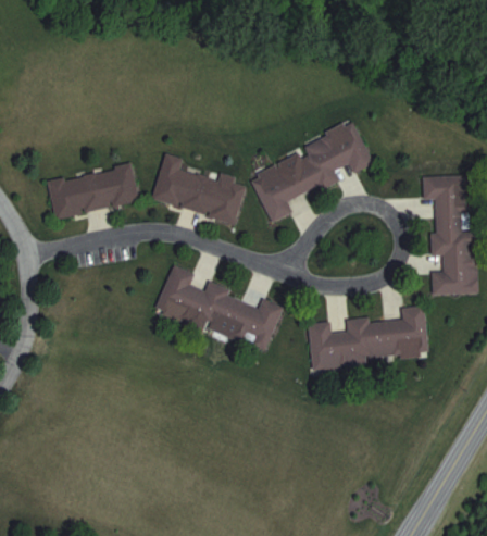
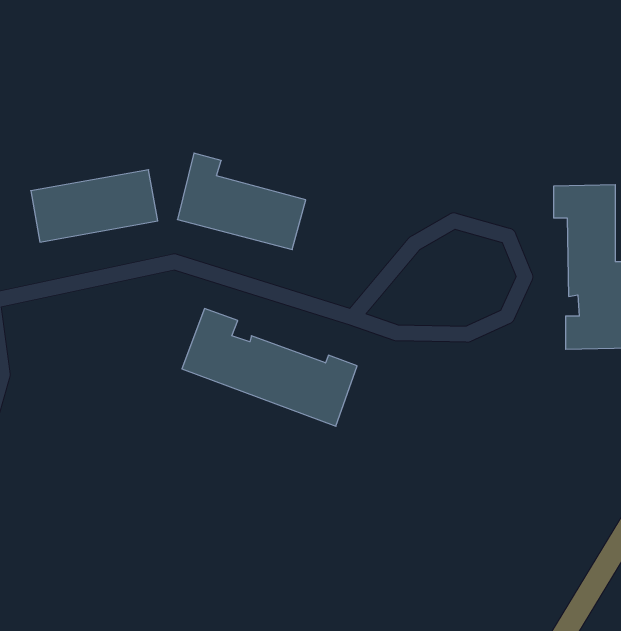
building: [252,124,373,223] -> none
building: [309,307,427,369] -> none

